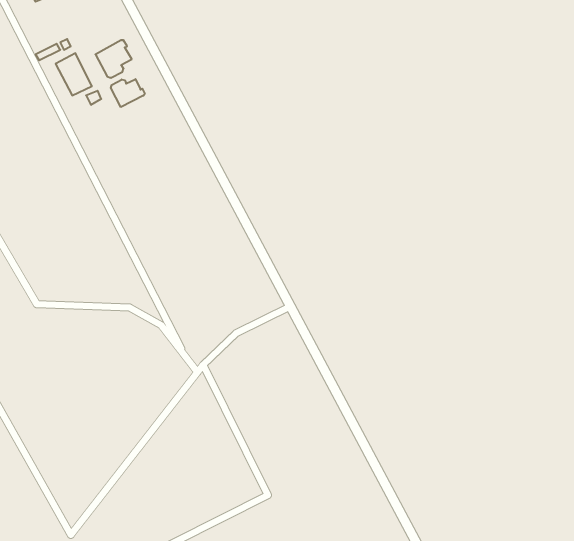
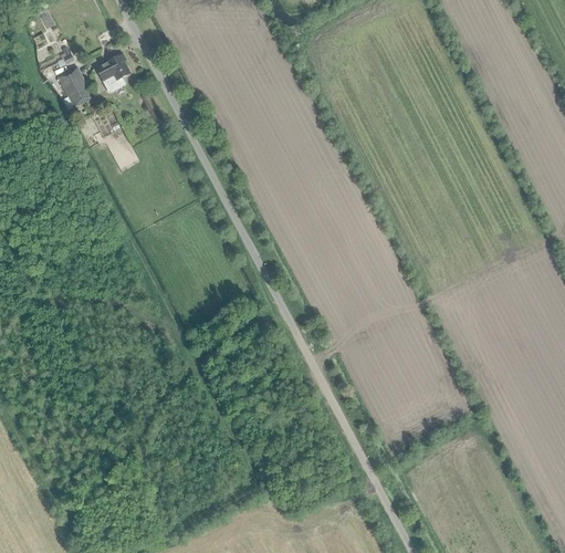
building: [111,79,145,107] -> none

